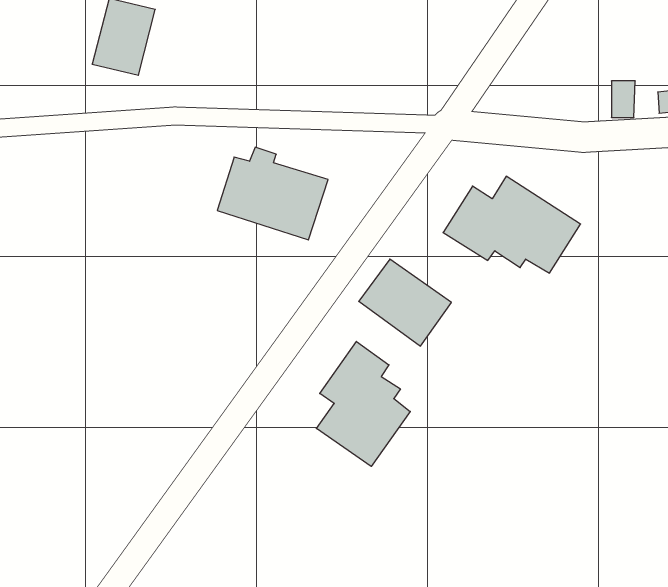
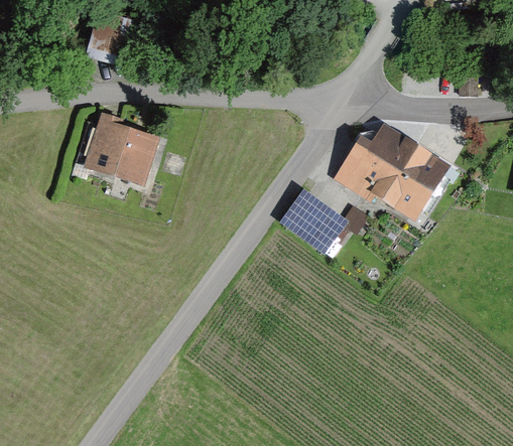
building: [217,147,328,240] -> [79,112,158,178]
building: [316,341,410,466] -> none

